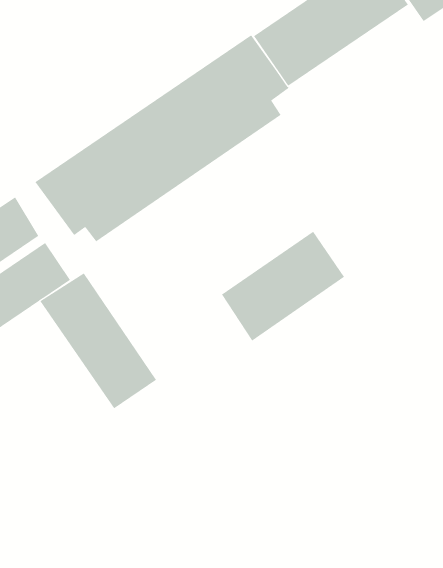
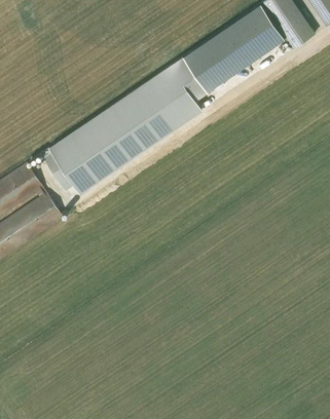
building: [221,231,345,342] -> none
building: [40,272,157,409] -> none

